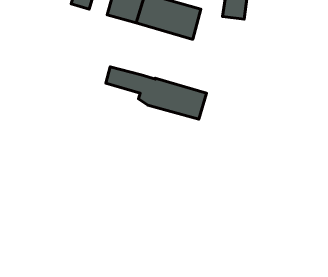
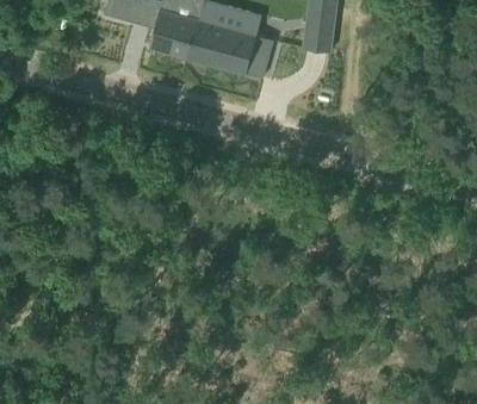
building: [106,67,206,119] -> none

